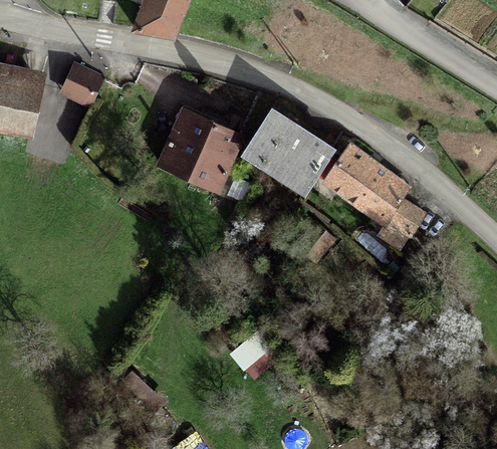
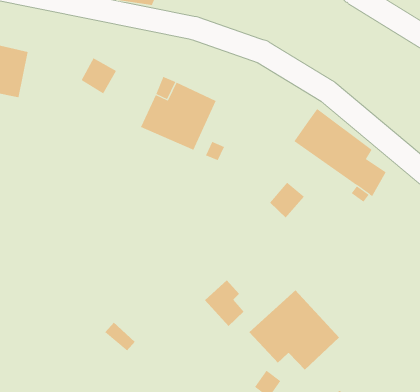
building: [64,66,102,105] -> [81,58,117,94]
building: [245,109,336,191] -> none
building: none -> [249,290,340,371]

